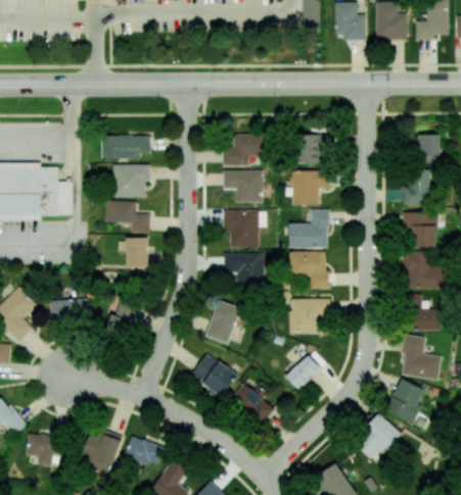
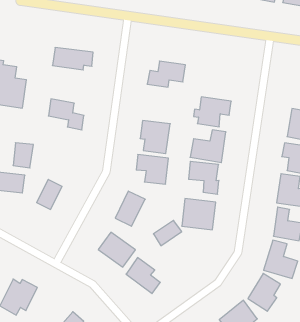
building: [297,134,328,164] -> none
building: [113,163,149,197] -> none
building: [223,169,262,202] -> none
building: [125,237,147,266] -> [13,143,33,168]
building: [285,355,320,389] -> [153,220,182,246]
building: [124,435,164,466] -> none

